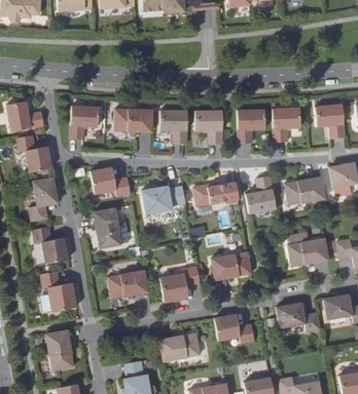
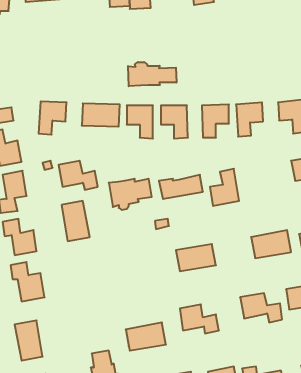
building: none -> [128,62,176,86]
building: [285,175,326,204] -> none
building: [160,266,201,302] -> none
building: [108,270,148,298] -> none

